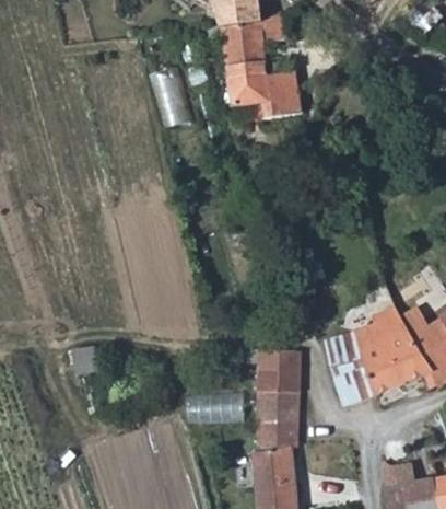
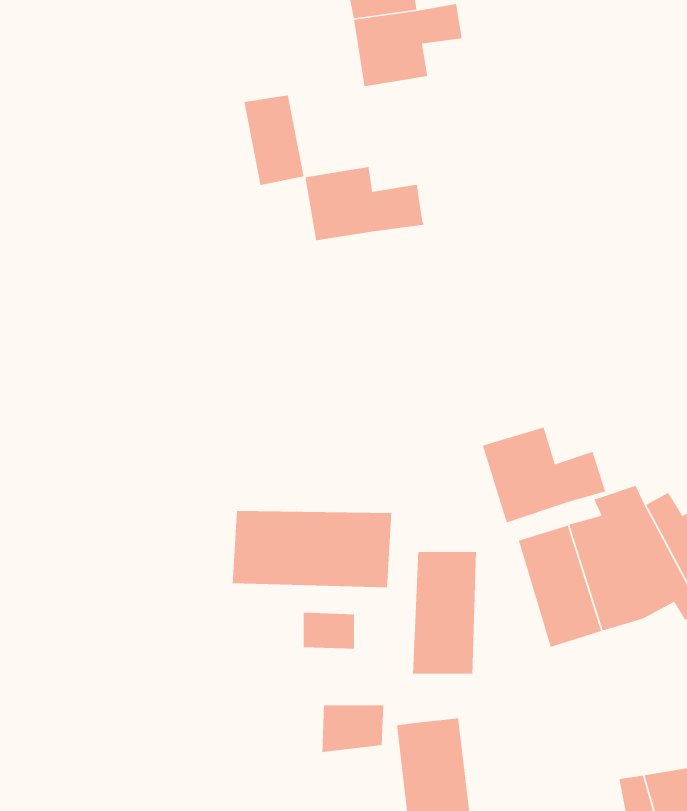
building: [230,57,303,103] -> [305,166,425,241]
building: none -> [482,426,606,524]
building: none -> [232,510,392,588]
building: [258,423,296,452] -> [321,704,384,753]

